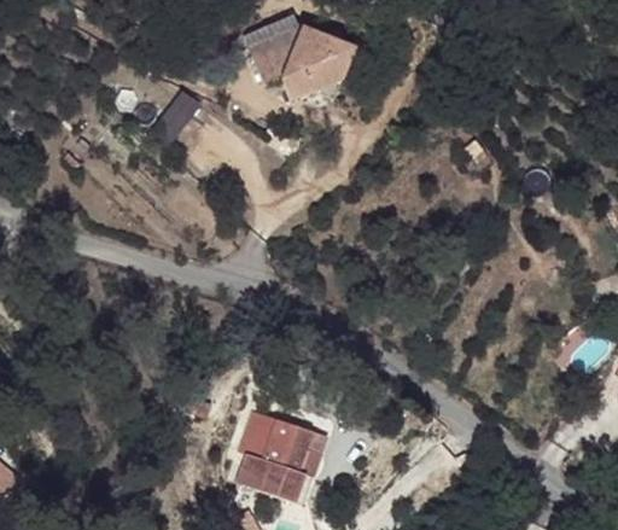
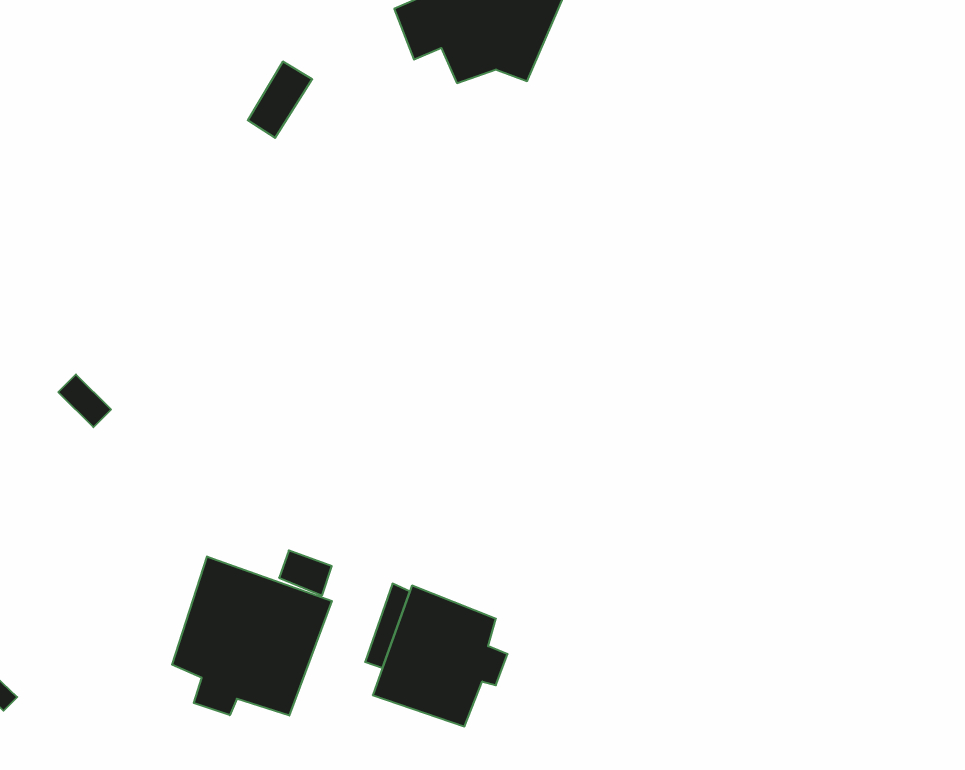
building: none -> [172,556,332,716]

